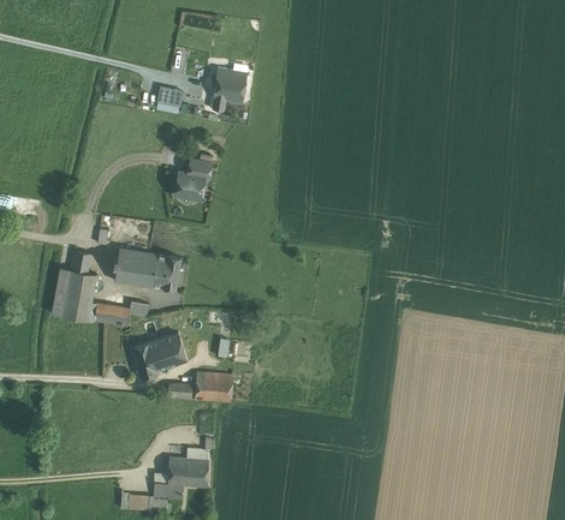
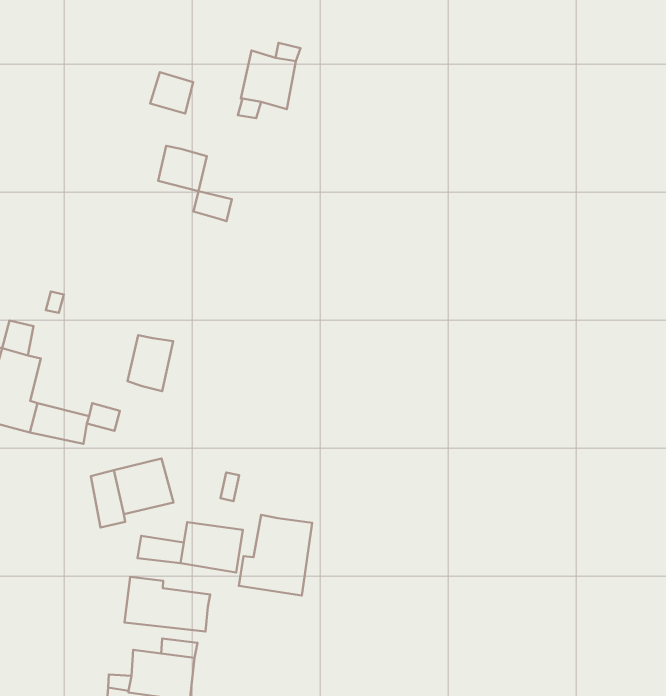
building: [174,172,204,199] -> [158,146,207,191]
building: [114,247,157,287] -> none
building: none -> [239,515,312,596]
building: none -> [124,577,210,631]

